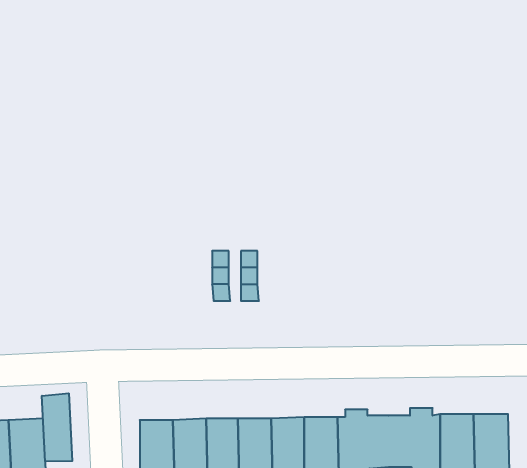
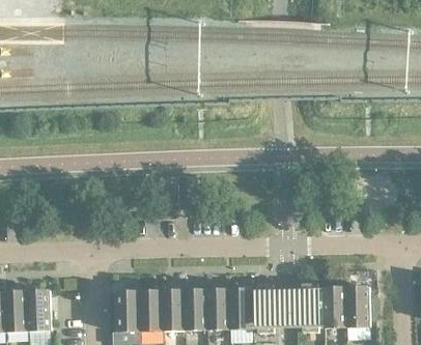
building: [42,393,72,462] -> none

